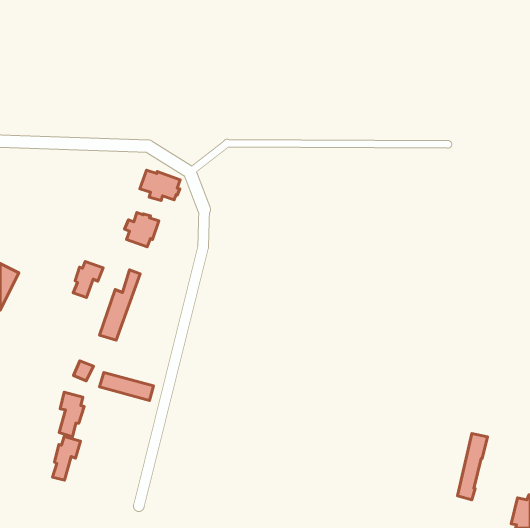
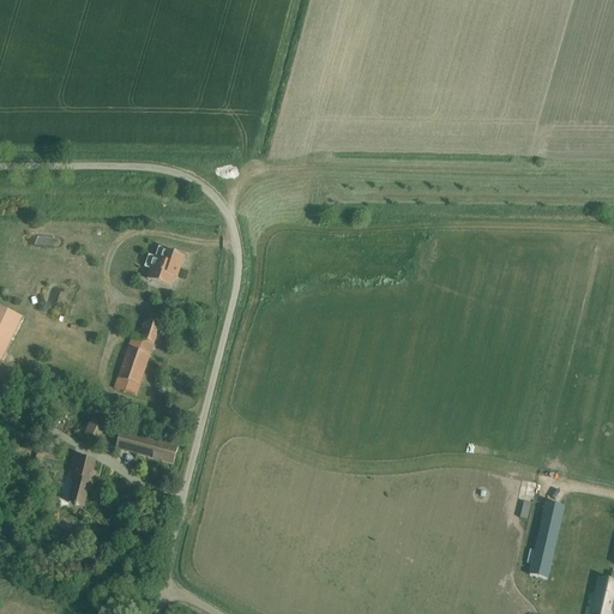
building: [140,170,180,201] -> none
building: [73,261,103,297] -> none
building: [52,436,81,480] -> none

